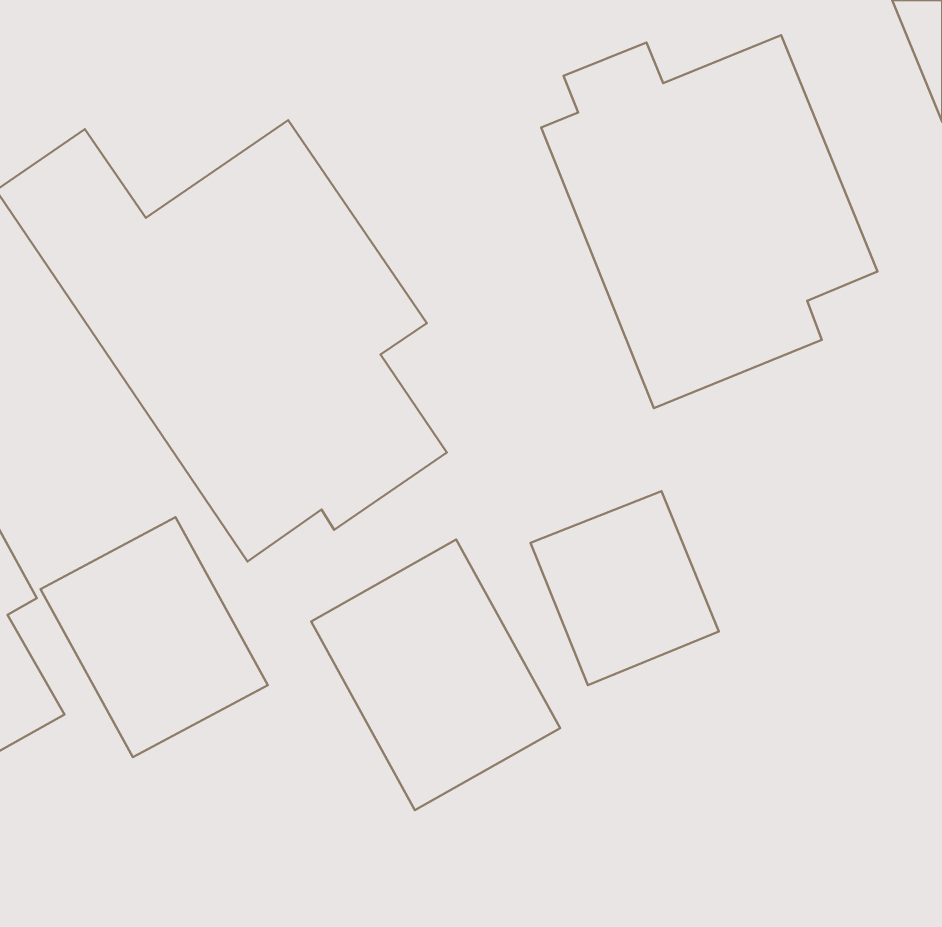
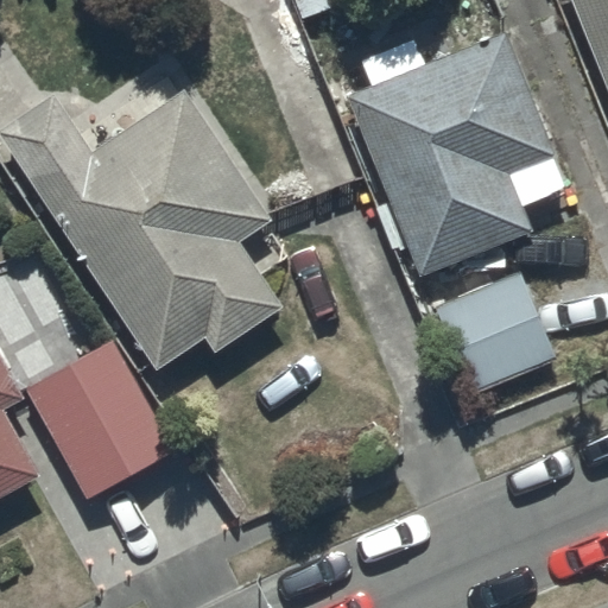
building: [530,491,719,685] -> [433,273,555,398]
building: [311,539,560,810] -> none

